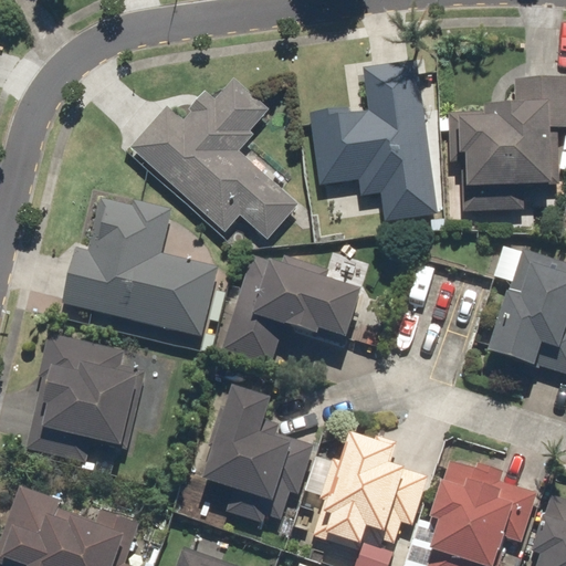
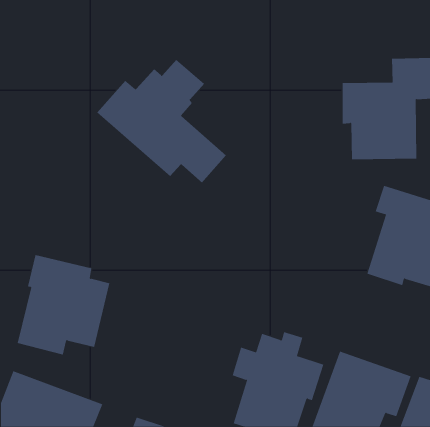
building: [311,57,440,221] -> none
building: [61,198,219,338] -> none
building: [221,255,359,365] -> none
building: [197,389,315,531] -> none

